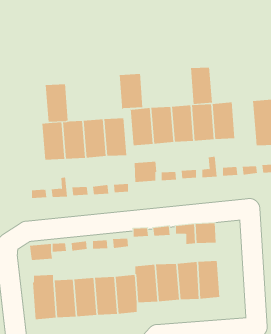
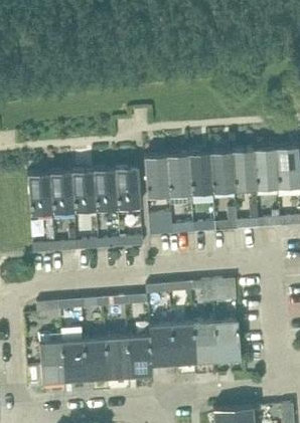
building: [190,67,213,105] -> [254,150,278,190]
building: [119,73,143,110] -> none
building: [45,84,69,122] -> [27,174,52,215]

